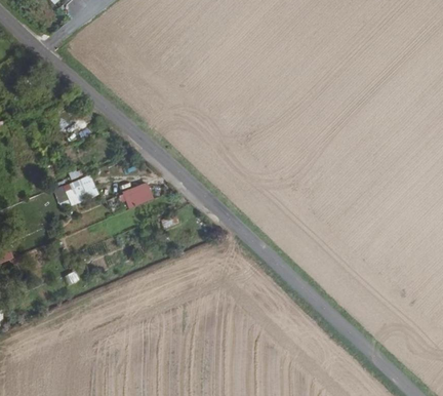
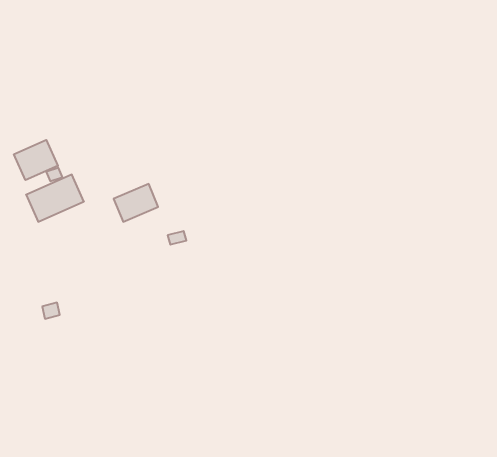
building: none -> [14,140,58,180]

